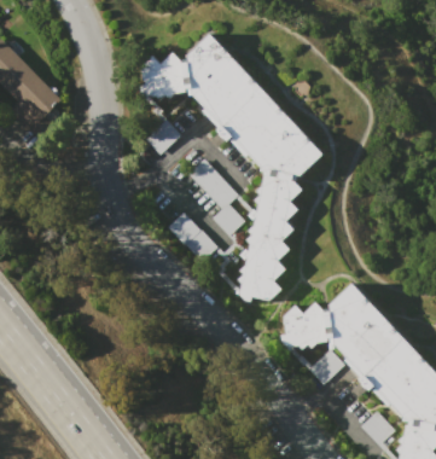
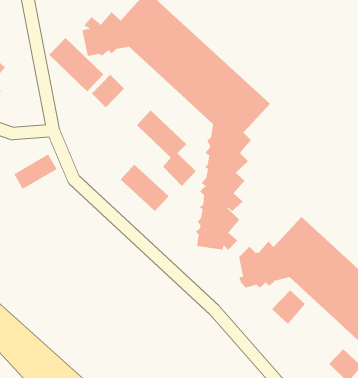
building: none -> [48,37,104,92]
building: none -> [13,154,58,190]

